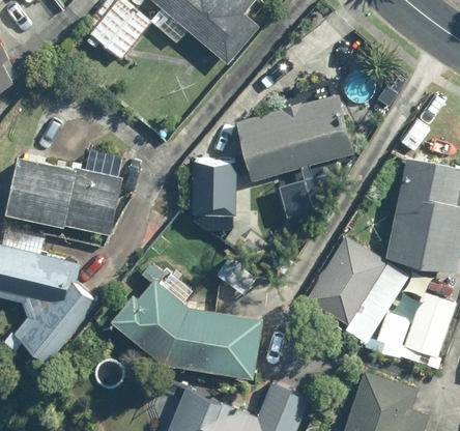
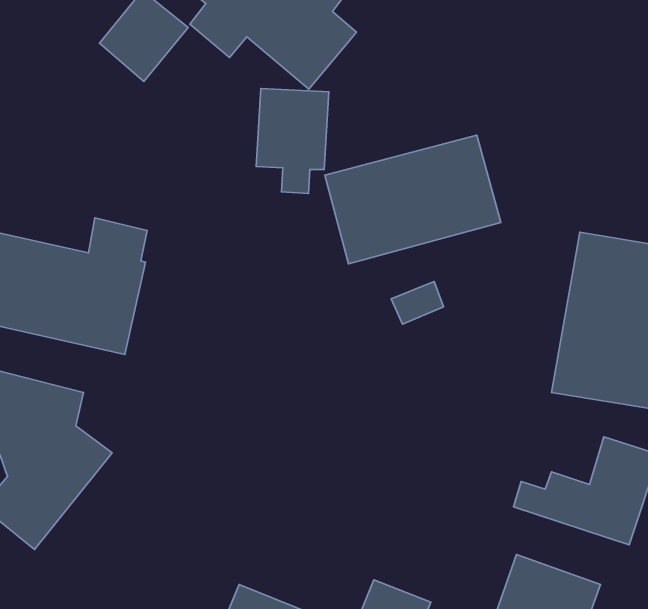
building: [191,162,238,230] -> [256,89,329,193]
building: [303,237,402,329] -> none
building: [108,275,260,380] -> none

